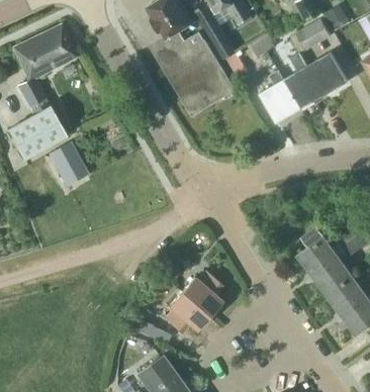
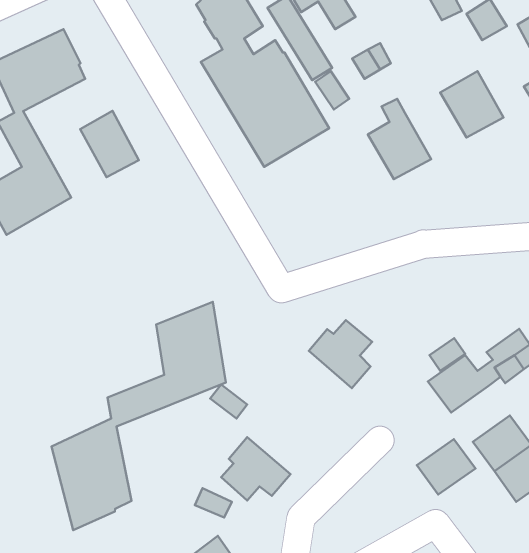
building: [290,18,331,54] -> none
building: [284,58,325,109] -> none
building: [49,141,87,185] -> [80,111,139,177]
building: none -> [52,302,226,530]
building: [314,258,353,294] -> [417,439,475,495]
building: [181,271,222,315] -> [309,320,372,388]

